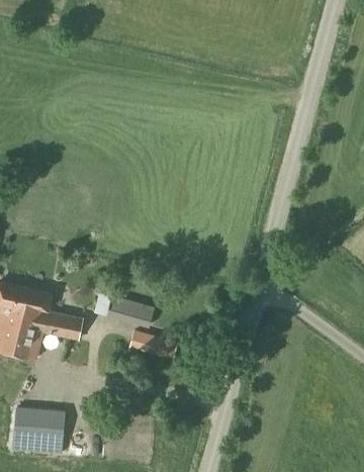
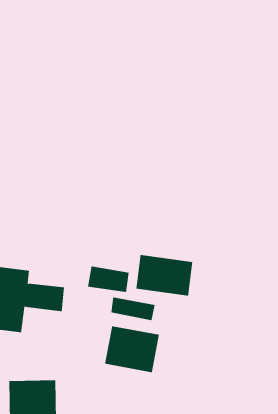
building: none -> [136,254,193,296]
building: none -> [105,326,160,373]

